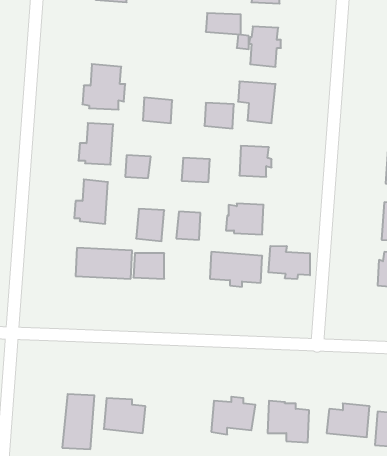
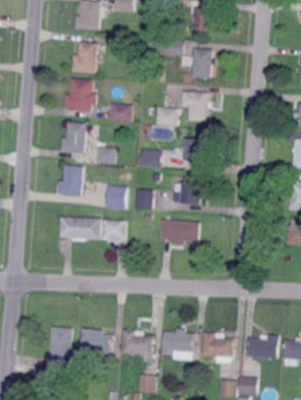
building: none -> [71,42,101,73]
building: [268,246,310,279] -> none
building: none -> [120,330,153,355]

